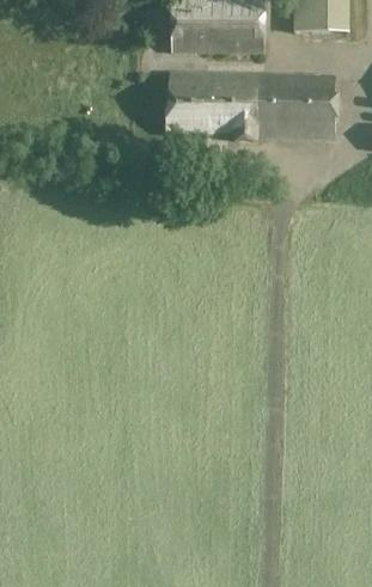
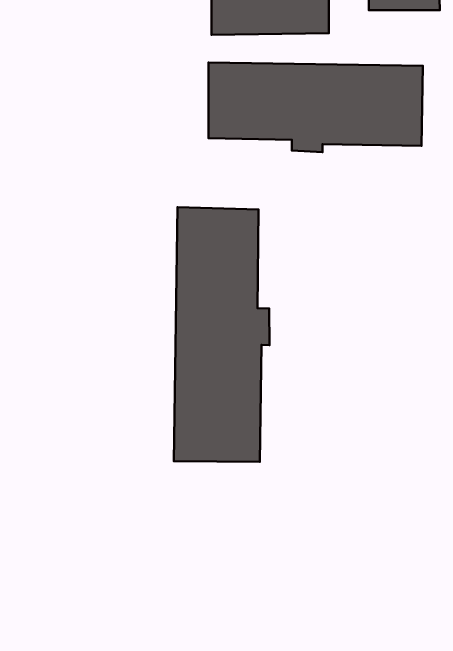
building: none -> [174,207,270,462]

